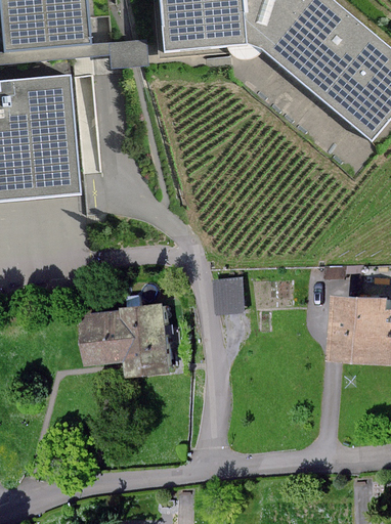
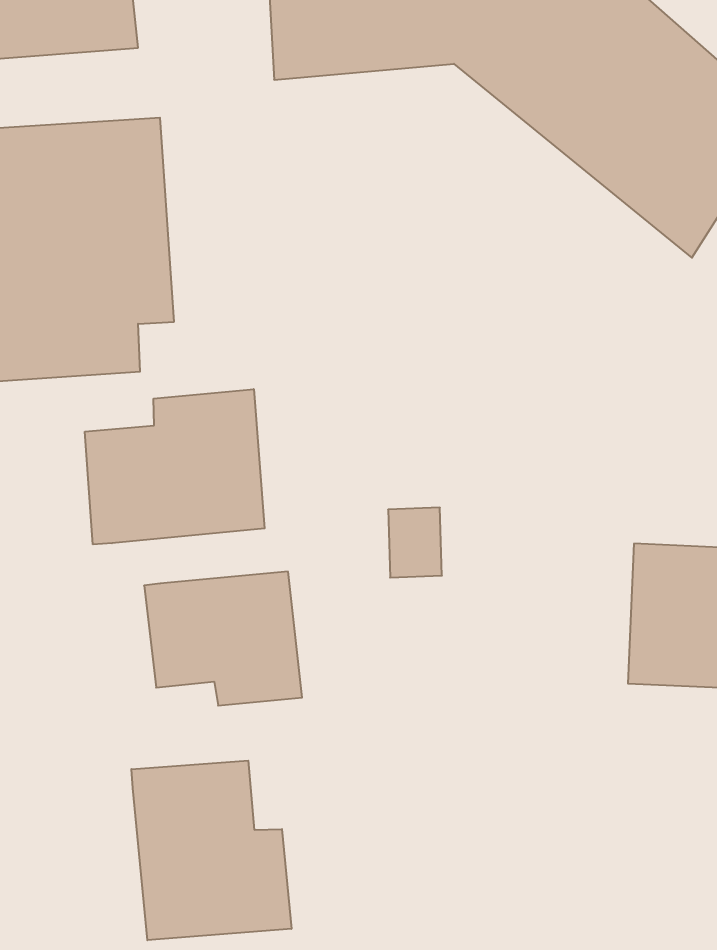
building: none -> [85,389,265,544]
building: none -> [131,761,291,940]

